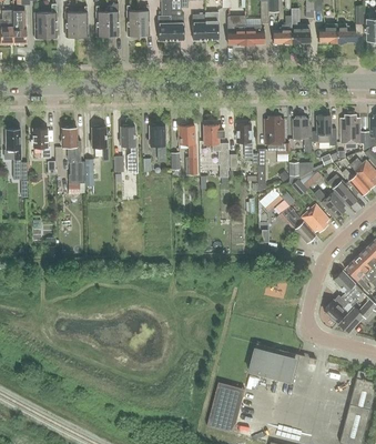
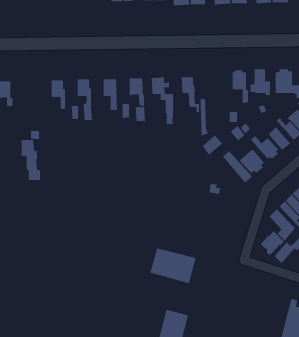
building: [264,115,288,153] -> none
building: [62,128,84,173] -> [21,140,41,180]
building: [248,343,301,383] -> [149,248,196,284]

